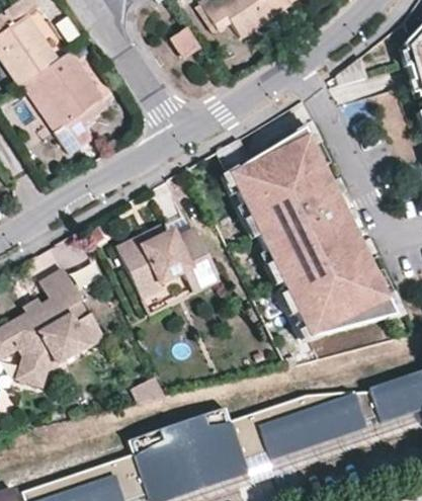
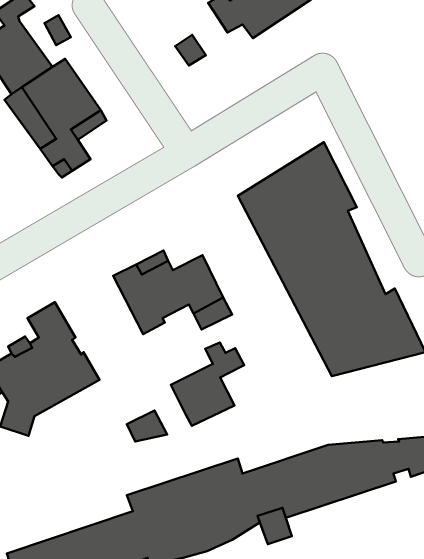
building: none -> [171,342,244,426]

